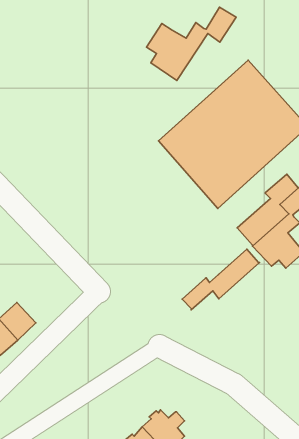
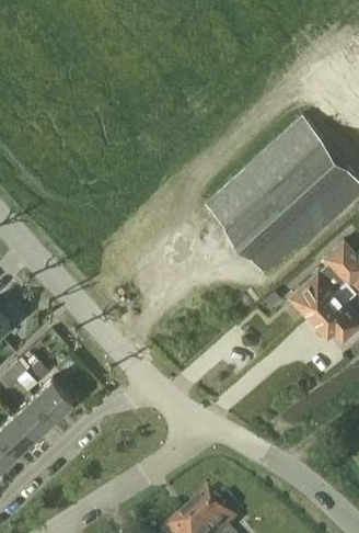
building: [146,7,236,81] -> none
building: [182,249,260,310] -> none

